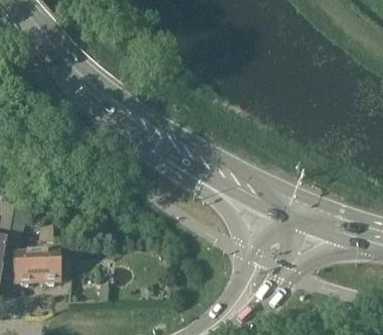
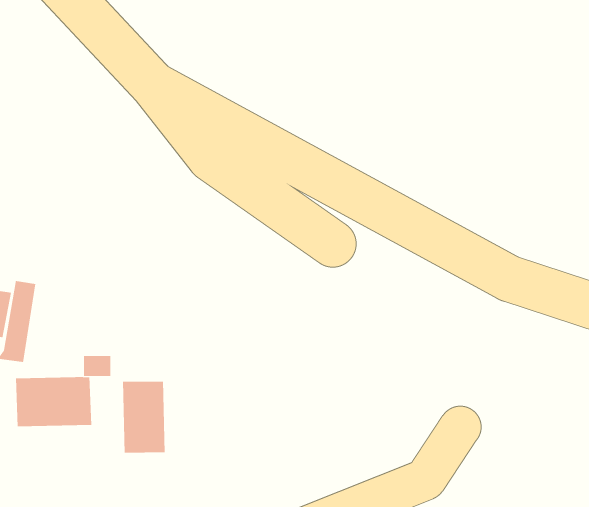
building: none -> [123,381,165,453]

